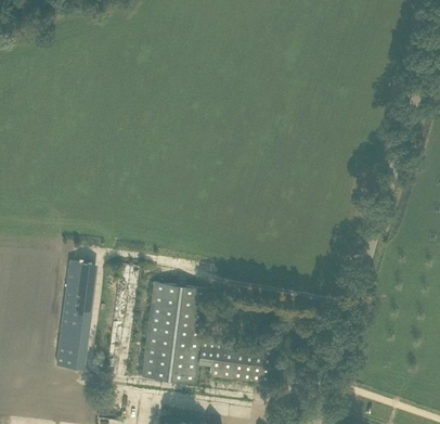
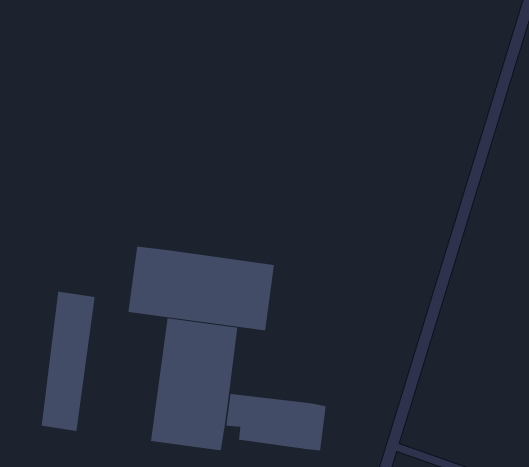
building: none -> [128,246,275,331]

